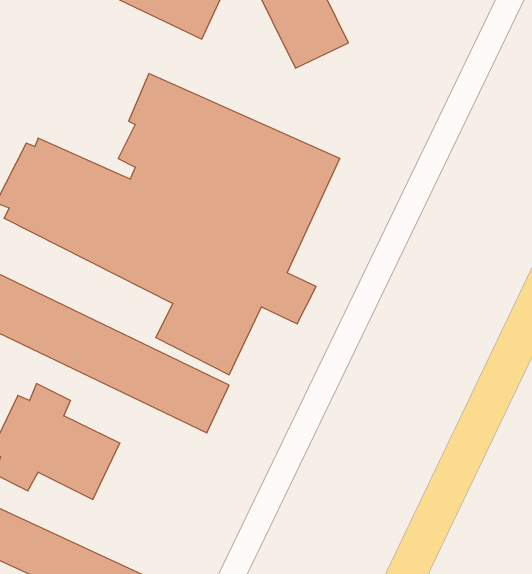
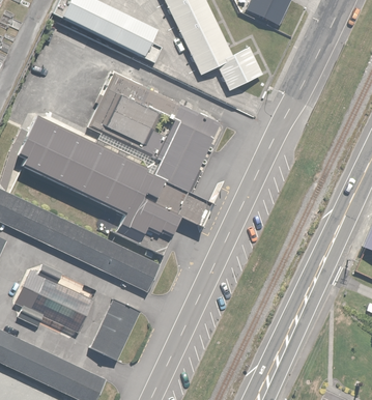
building: none -> [214,48,260,88]
building: none -> [89,299,140,364]

